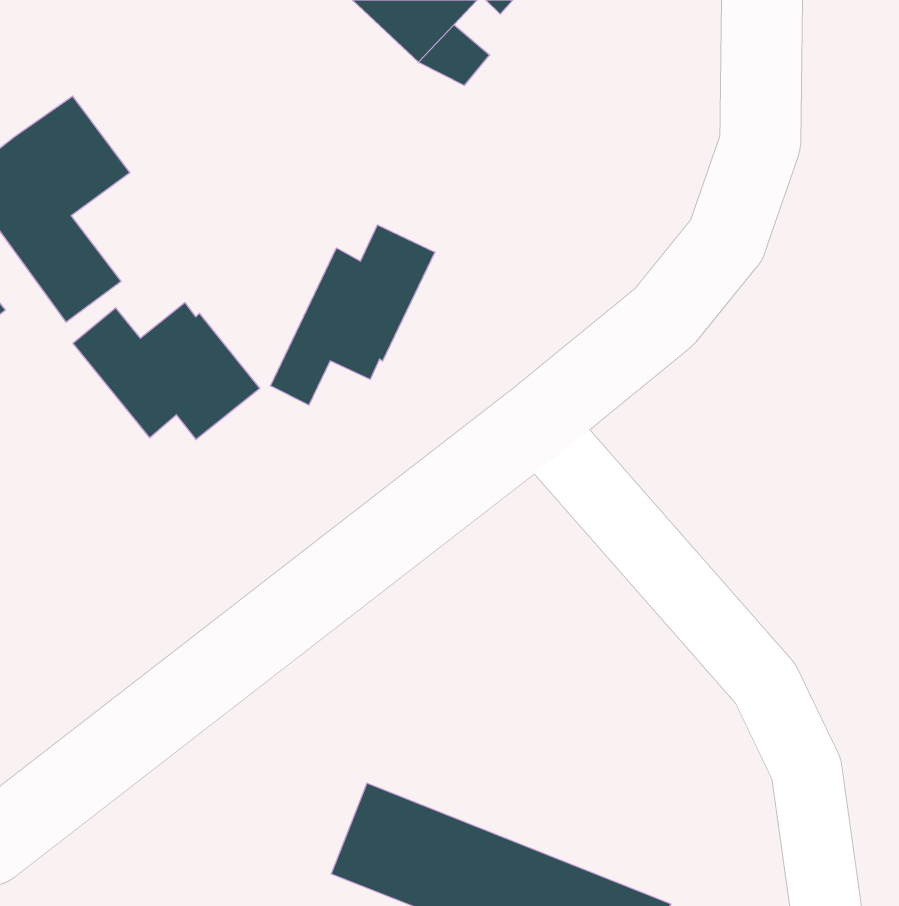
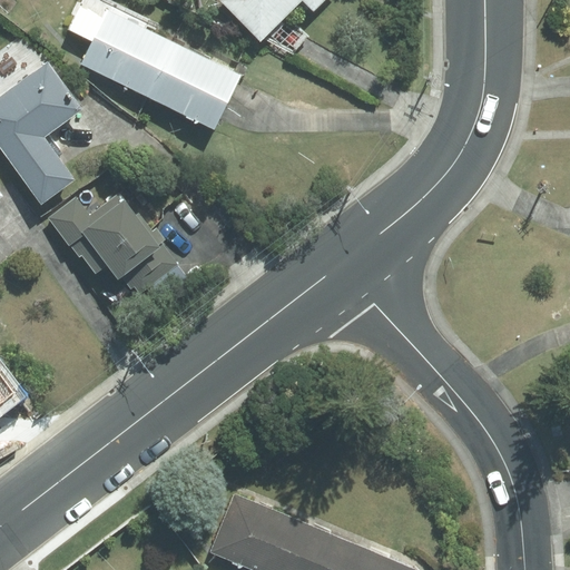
building: none -> [80,10,240,128]
building: [270,225,435,405] -> none

